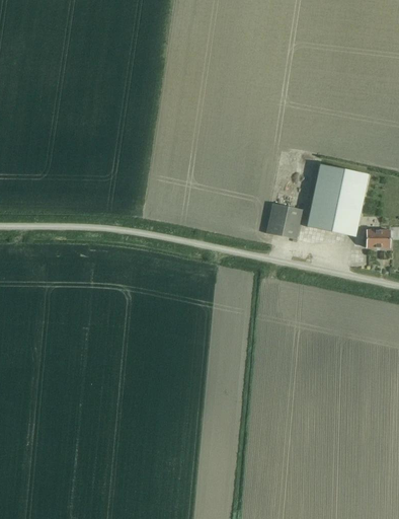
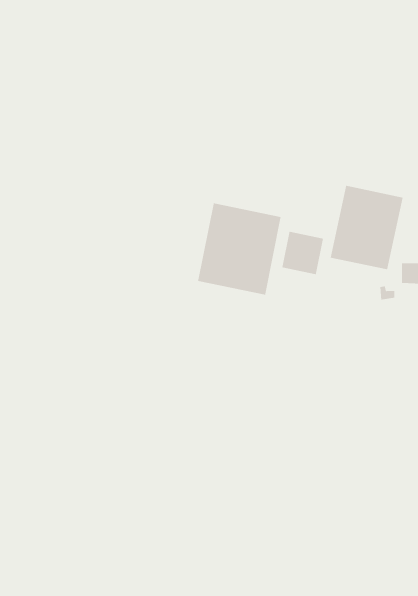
building: none -> [198,202,281,296]

